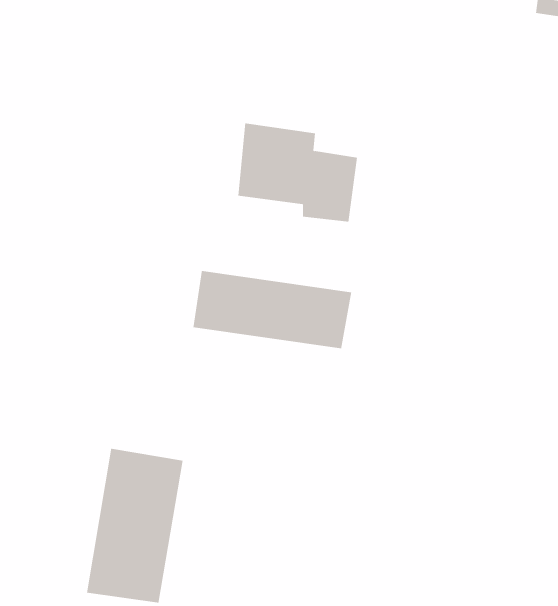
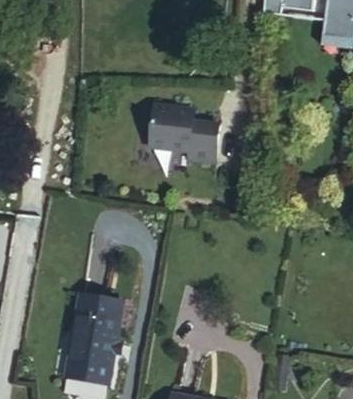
building: [193,270,352,349] -> none

